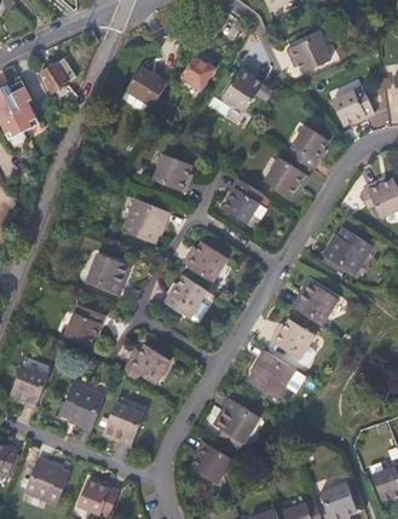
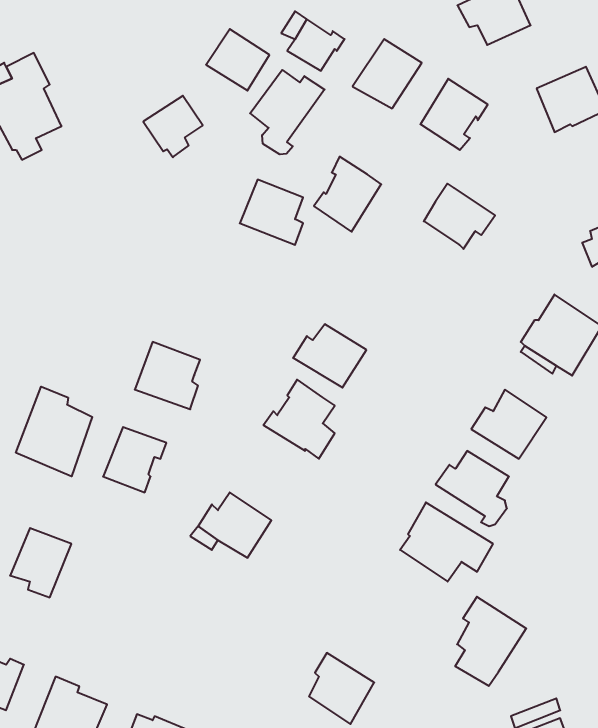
building: [41,56,77,93] -> [143,96,203,157]
building: none -> [250,70,325,154]
building: [285,125,327,168] -> [420,79,488,150]
building: [221,178,263,224] -> [314,157,381,232]
building: [121,201,168,246] -> none
building: none -> [16,387,92,476]
building: [59,384,104,431] -> none
building: [217,399,260,454] -> [455,597,526,686]
building: [103,403,144,446] -> none

